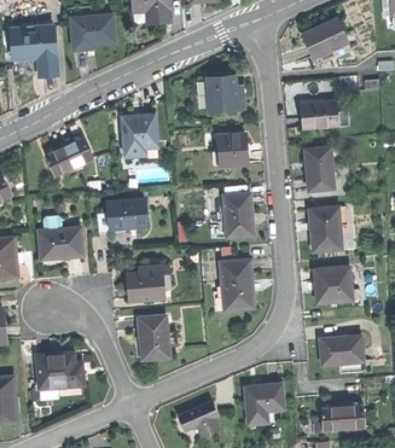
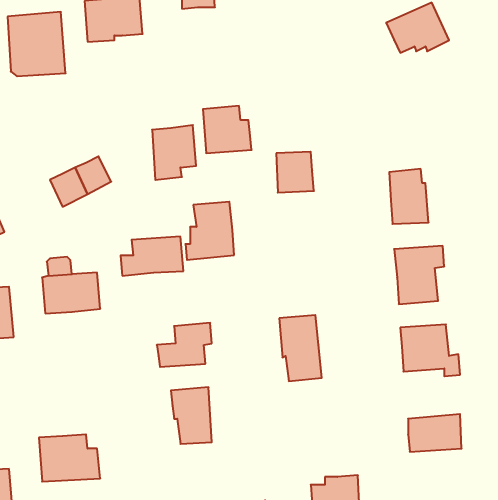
building: [207,75,244,111] -> [203,106,252,153]
building: [302,101,348,128] -> none
building: [216,193,254,238] -> [185,202,234,260]

